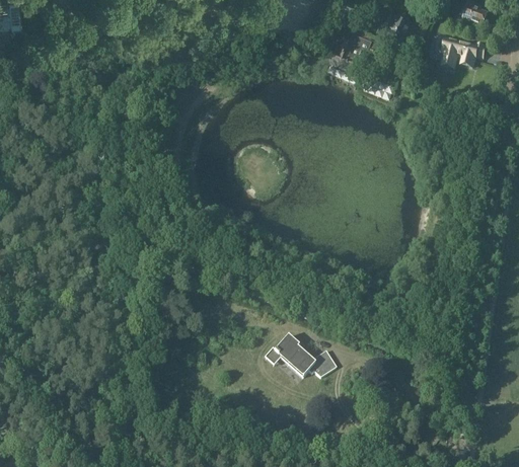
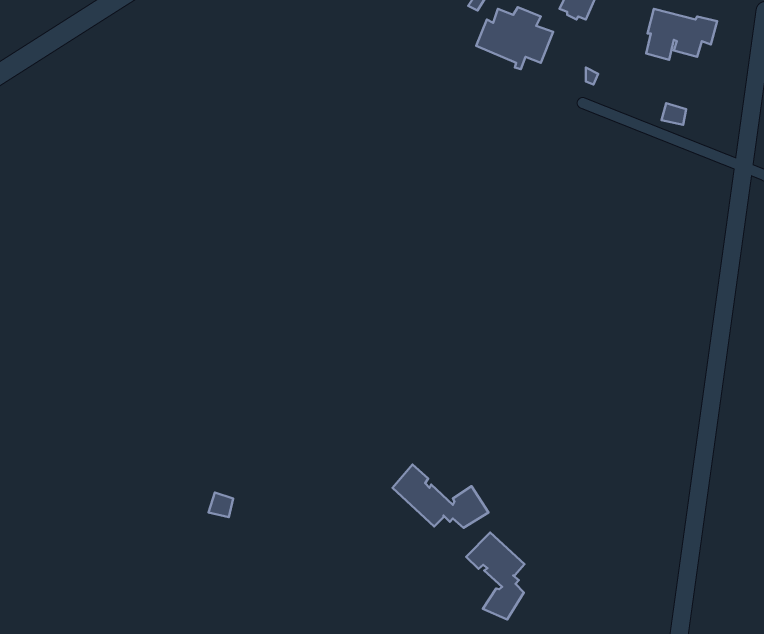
building: none -> [466,532,524,620]

